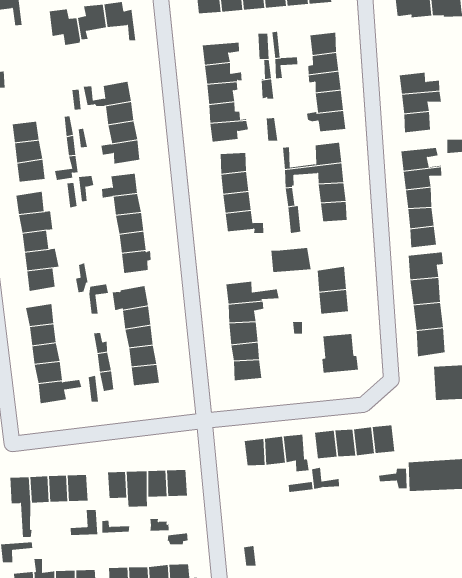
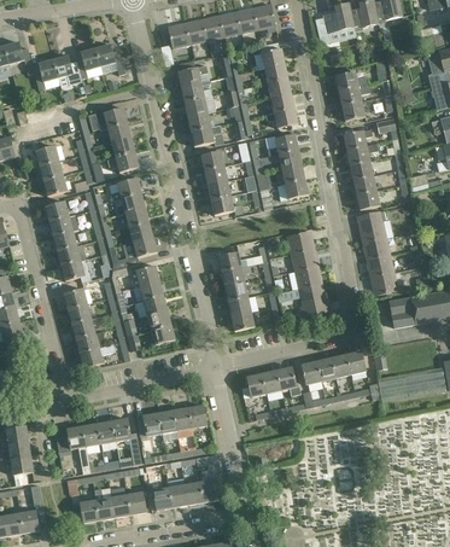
building: none -> [34,59,60,91]
building: [270,247,311,272] -> [287,266,321,289]

